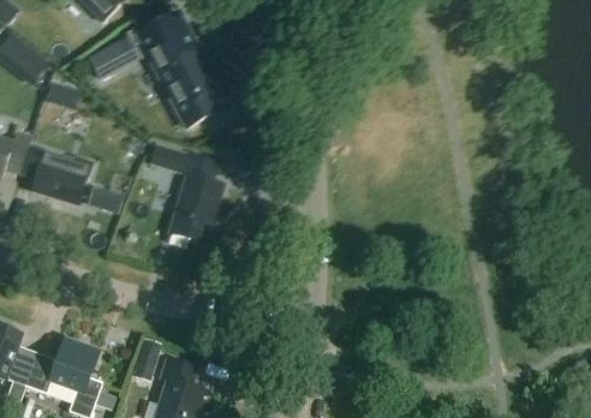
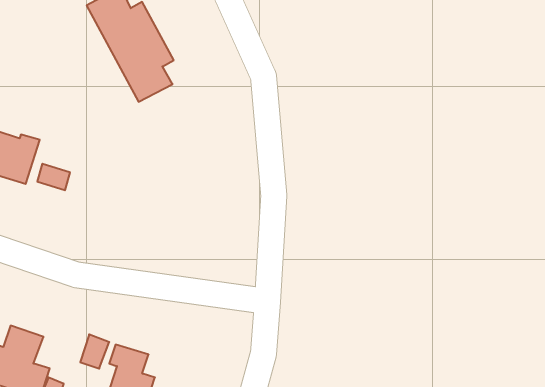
building: [91,36,138,74] -> none
building: [150,143,225,245] -> none

